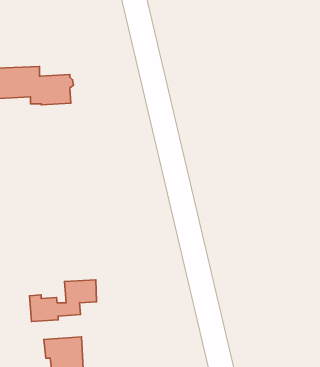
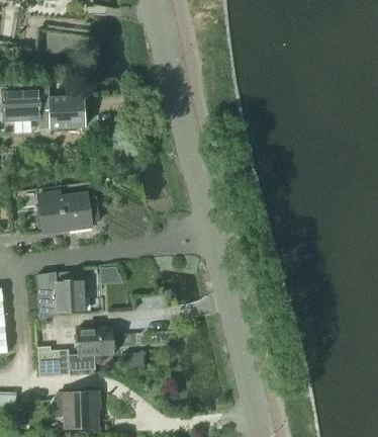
building: none -> [38,193,101,234]
building: none -> [37,272,86,316]

